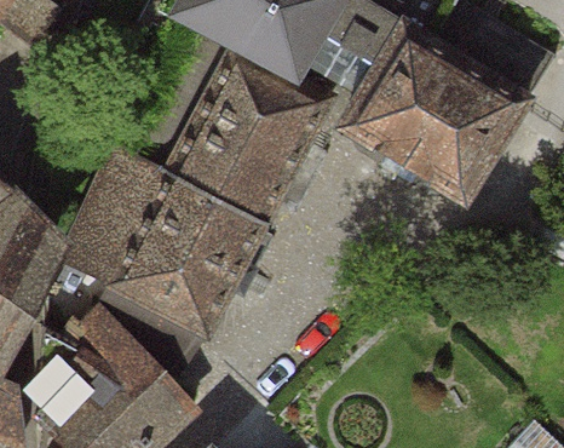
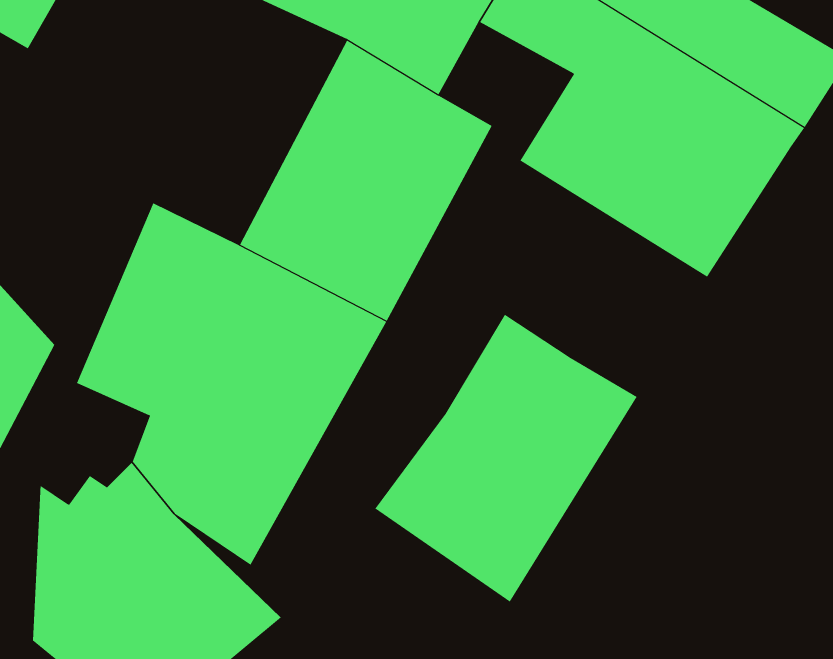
building: none -> [374,314,637,603]

